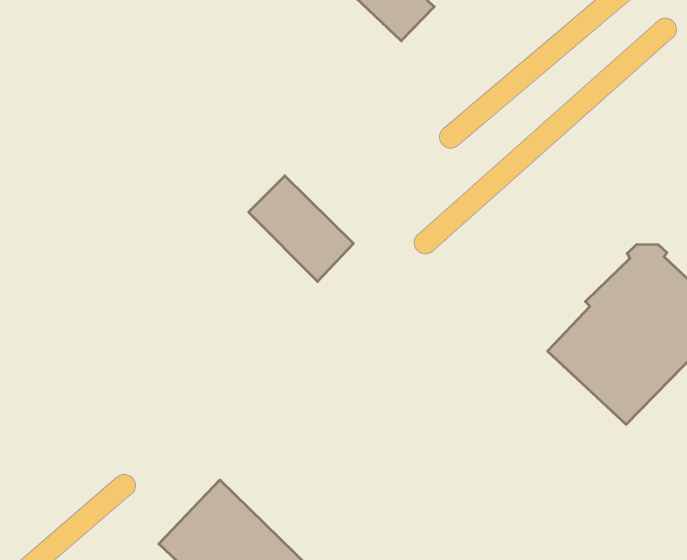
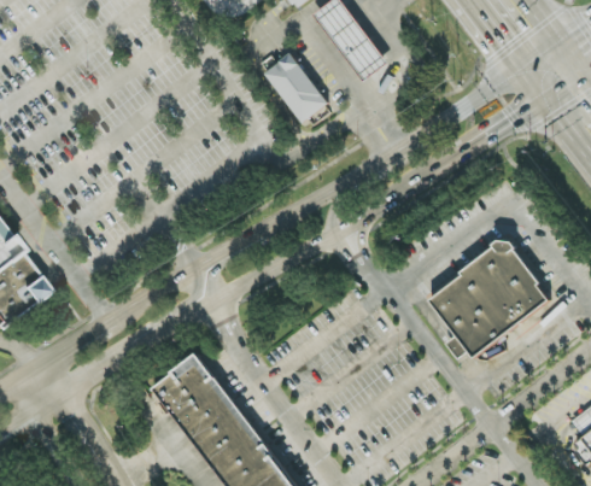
building: [249,176,353,282] -> [262,54,328,128]

